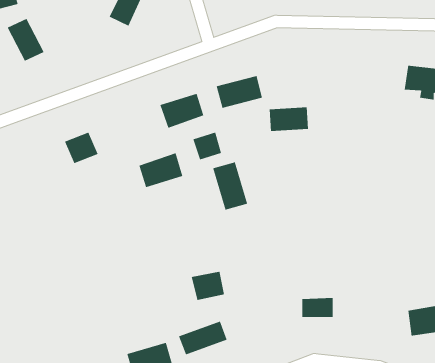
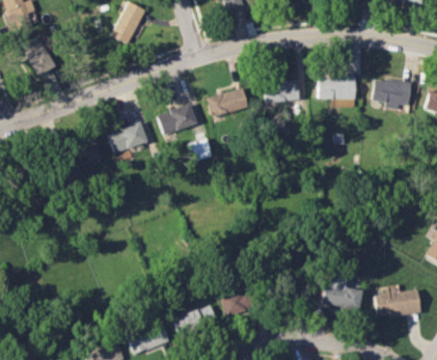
building: none -> [318,76,355,106]
building: [269,107,309,132] -> [263,81,298,103]
building: [139,153,183,188] -> [107,121,146,153]
building: [212,161,248,211] -> none
building: [191,271,225,300] -> [219,289,249,315]
building: none -> [322,277,363,311]

